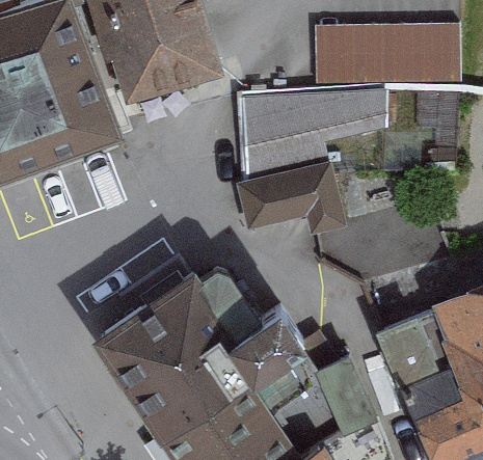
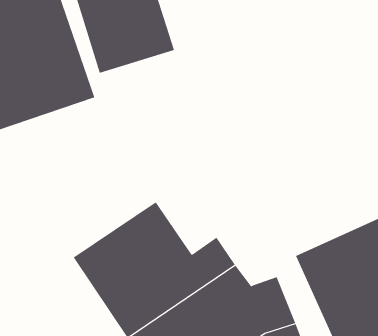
building: [314,27,459,85] -> none
building: [239,96,383,177] -> none
building: [237,165,343,233] -> none

